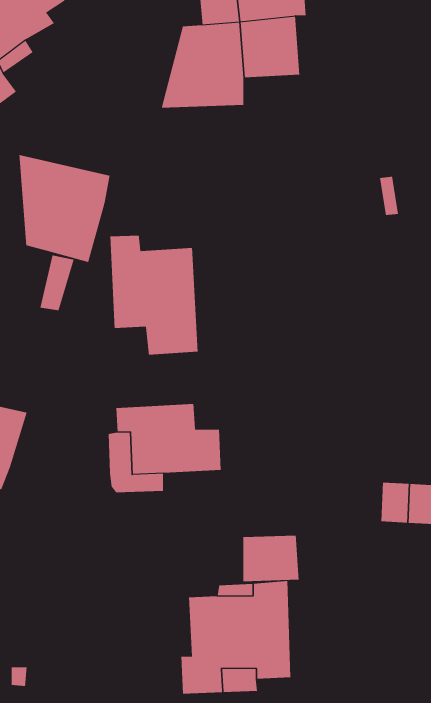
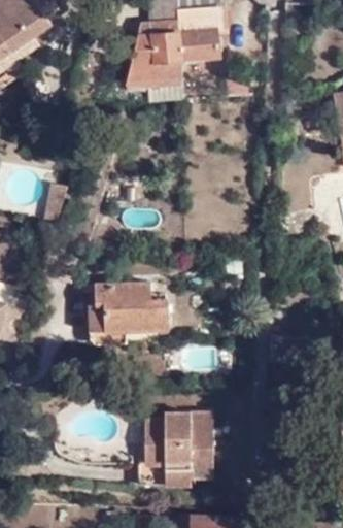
building: [19,154,110,263] -> none
building: [110,235,198,356] -> none
building: [243,535,299,582] -> none

